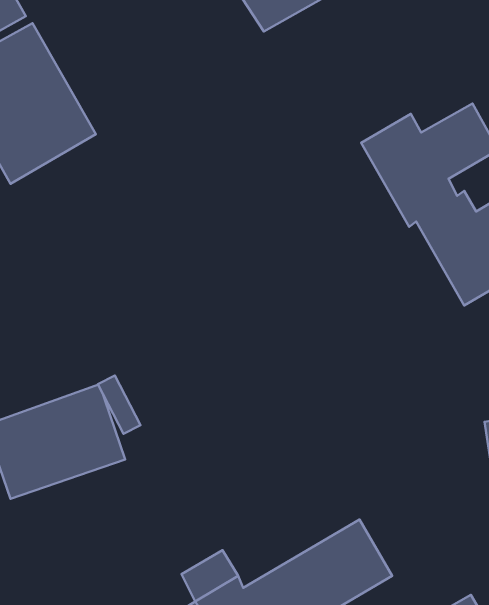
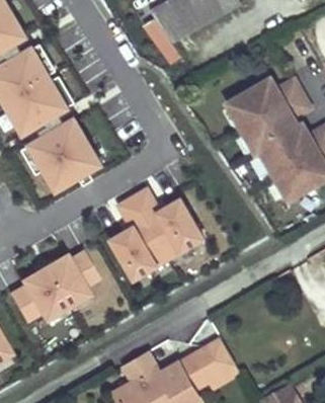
building: none -> [23,112,104,193]
building: none -> [105,184,209,281]

